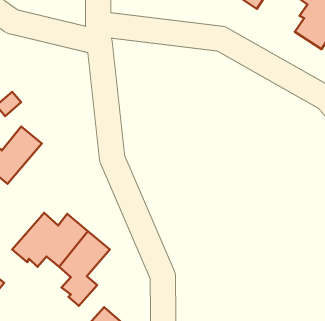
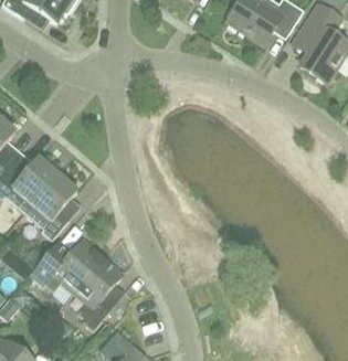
building: none -> [24,172,76,240]

